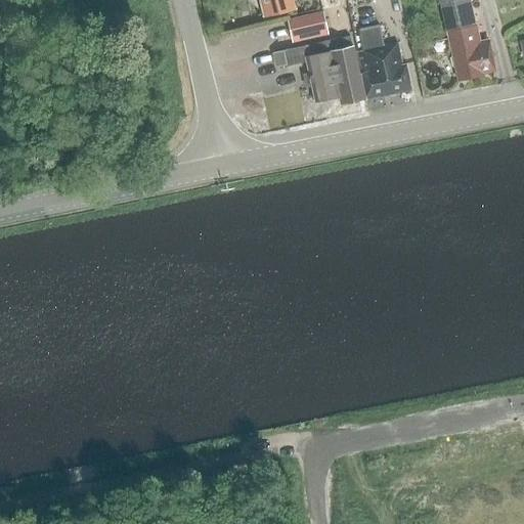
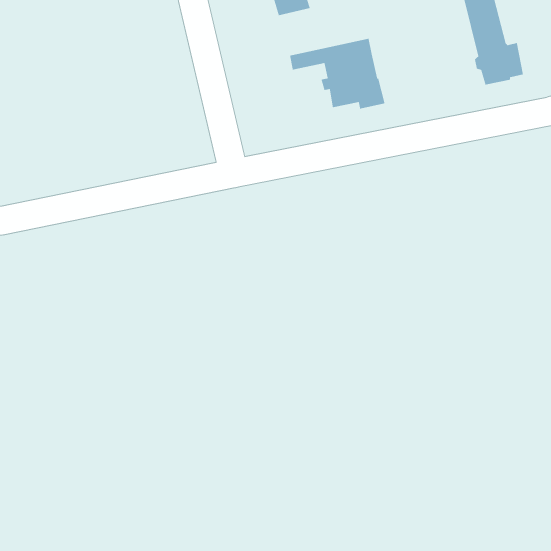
building: [288,9,330,41] -> none
building: [354,25,412,99] -> none

